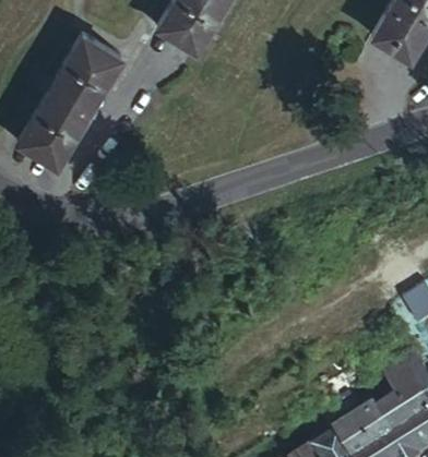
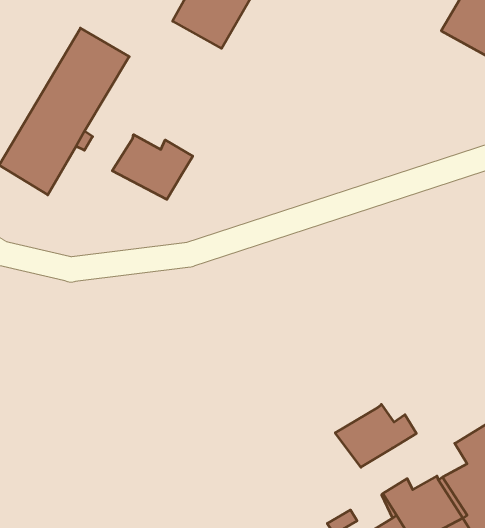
building: none -> [112,135,193,199]
building: none -> [335,404,416,467]

